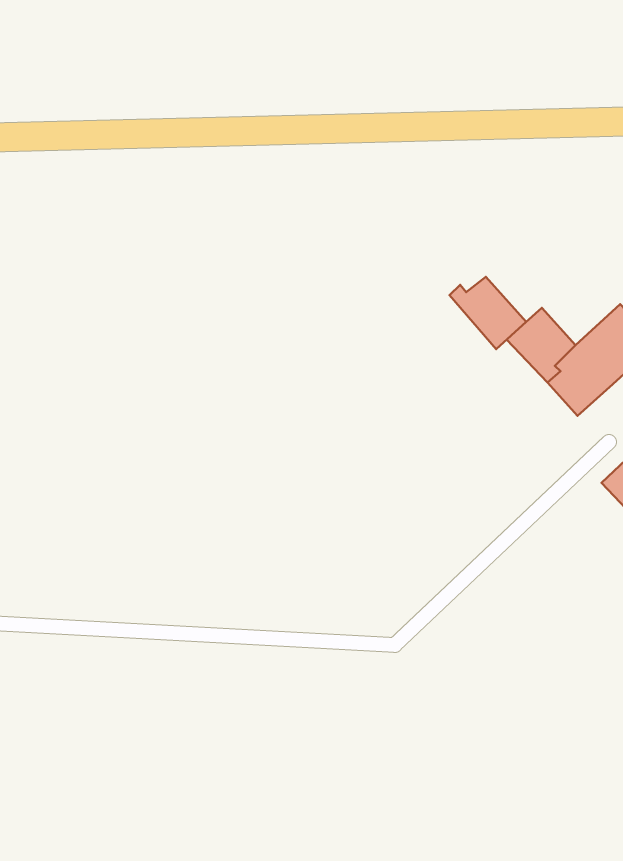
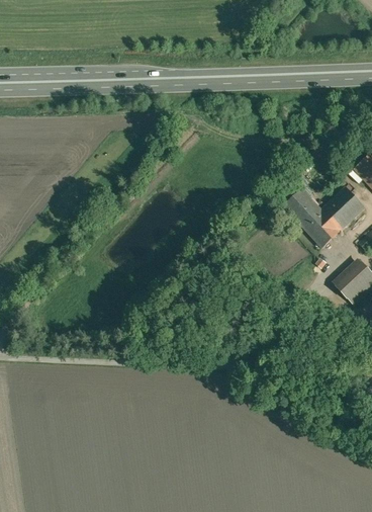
building: [449,277,526,349] -> none

